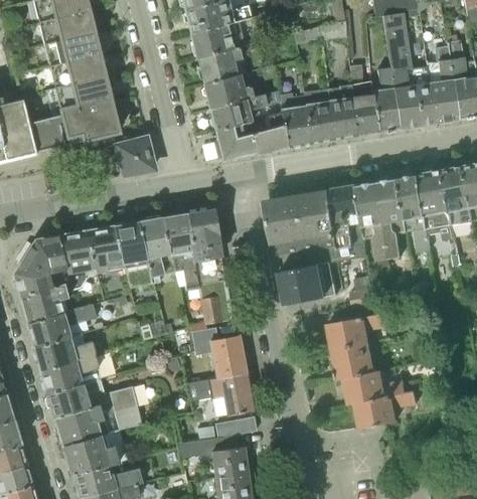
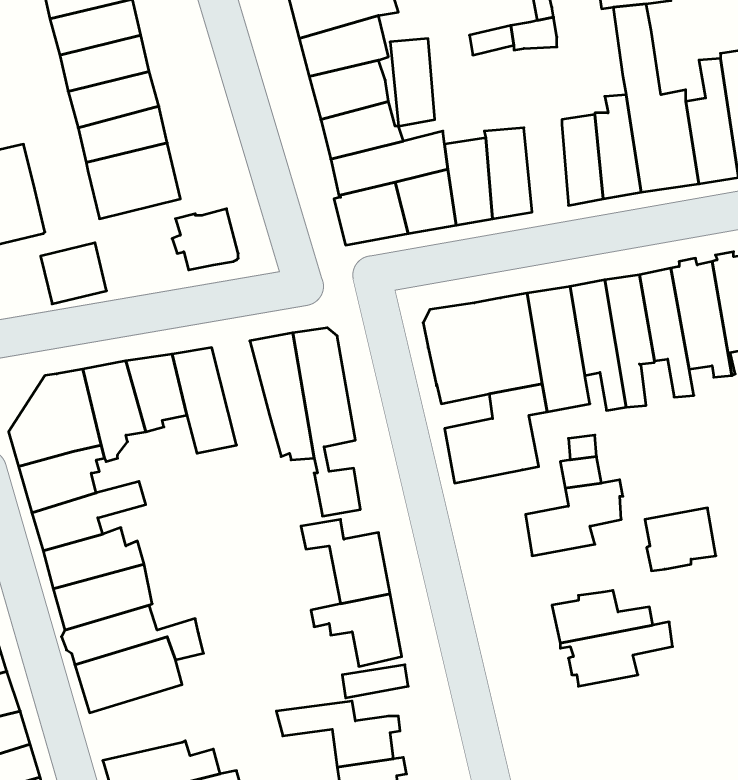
building: [328,87,355,140] -> [390,39,435,126]
building: [29,115,69,152] -> [41,243,107,304]
building: [138,218,173,284] -> none
building: [333,342,376,380] -> [645,508,716,571]
building: [63,428,121,474] -> none

